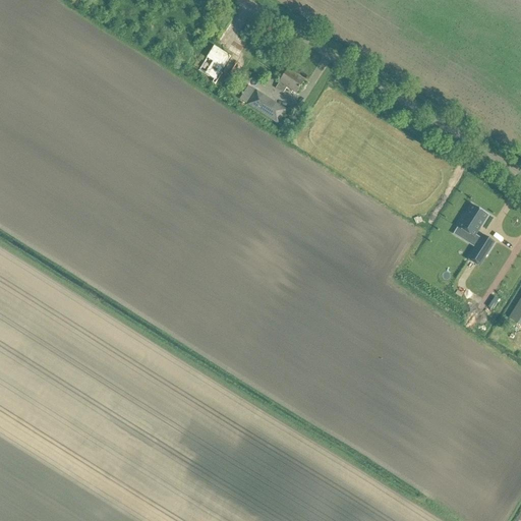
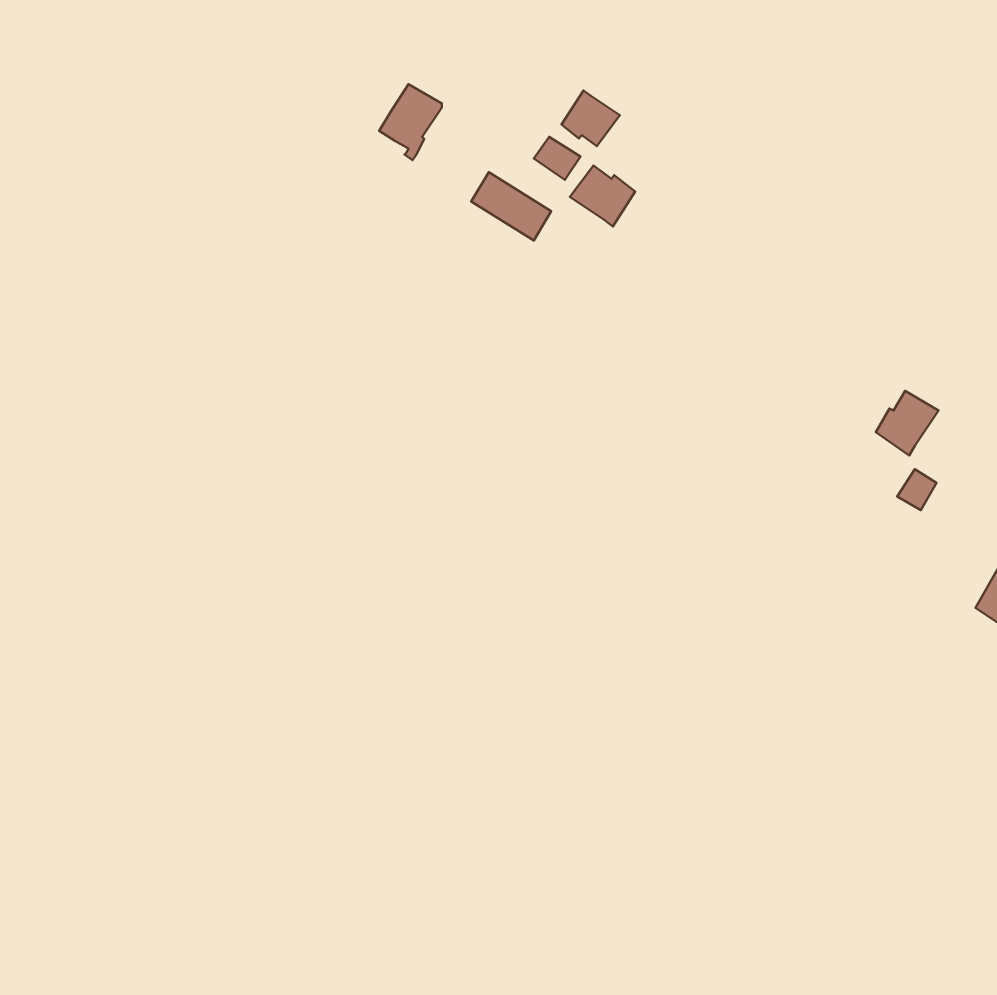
building: none -> [561,90,620,146]
building: none -> [570,165,635,227]

